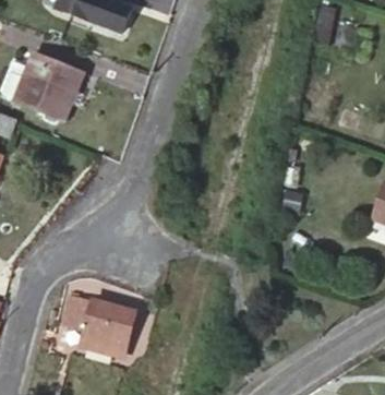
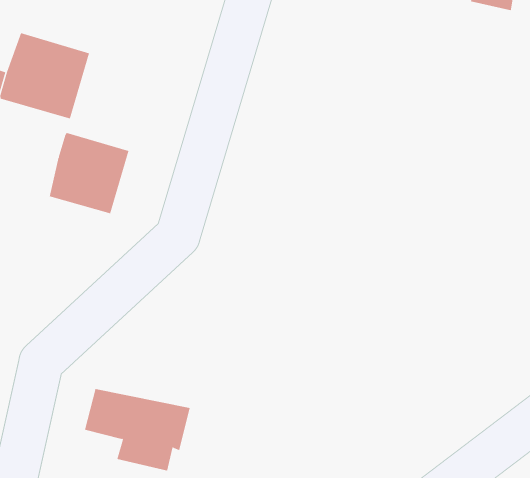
building: none -> [49,132,129,214]

